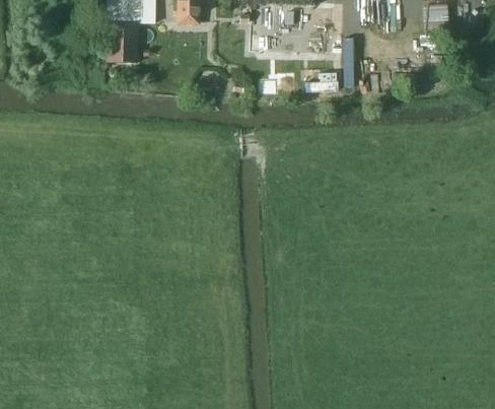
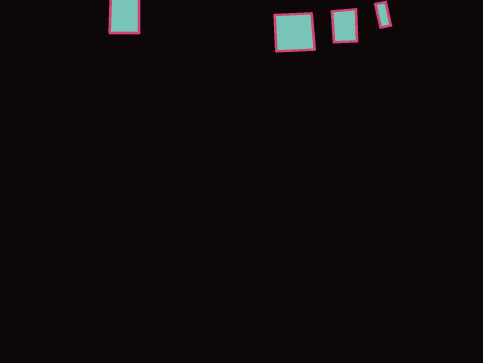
building: none -> [275,13,314,51]

